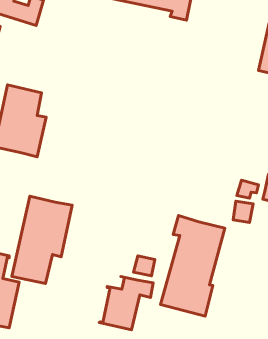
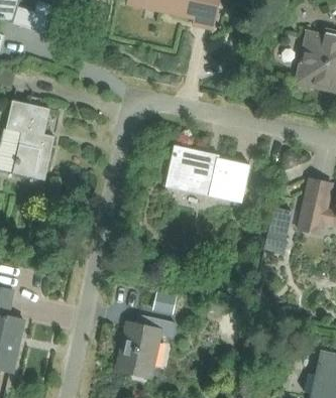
building: none -> [166,147,249,203]
building: [12,196,72,283] -> none
building: [160,216,225,316] -> none

